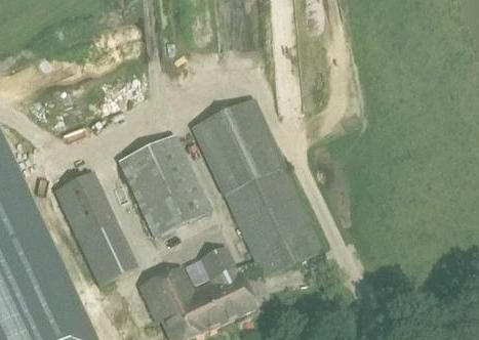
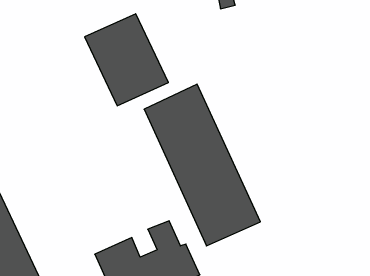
building: [118,133,210,235] -> [85,14,168,106]
building: [54,171,136,283] -> none

